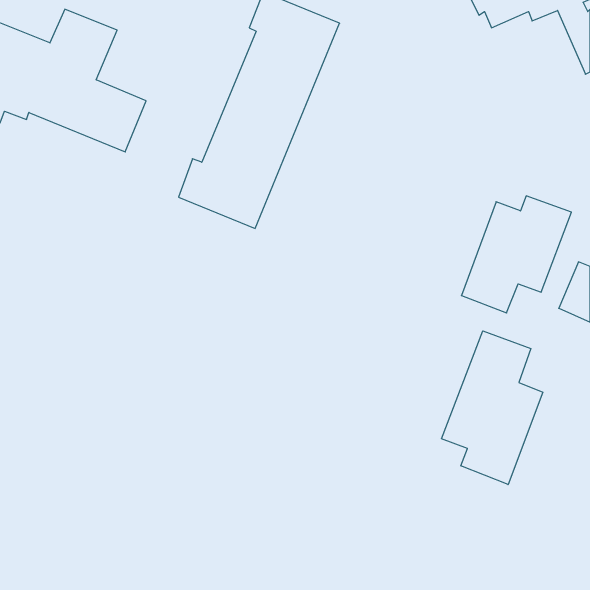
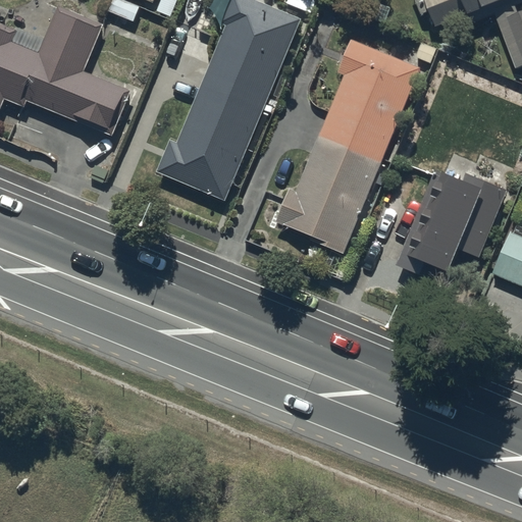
building: none -> [276,37,419,253]
building: [442,331,543,485] -> none

